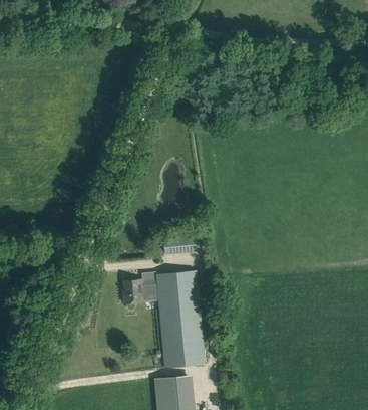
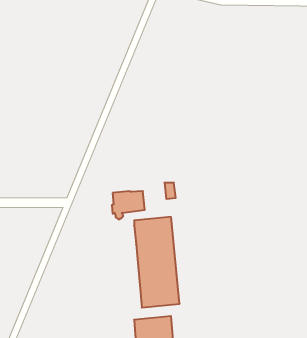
building: [122,279,157,310] -> [112,191,145,219]

